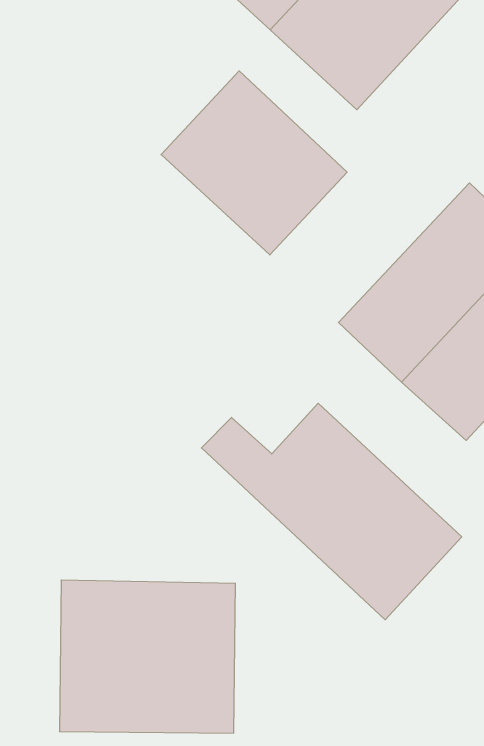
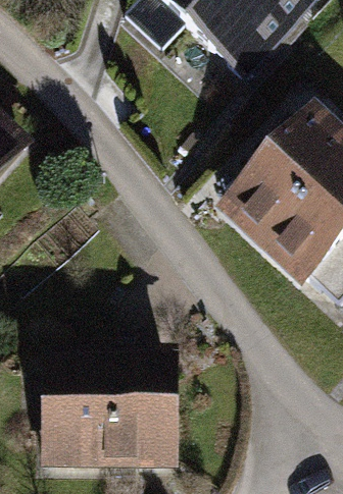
building: [161,71,347,255] -> none
building: [201,403,462,620] -> none

